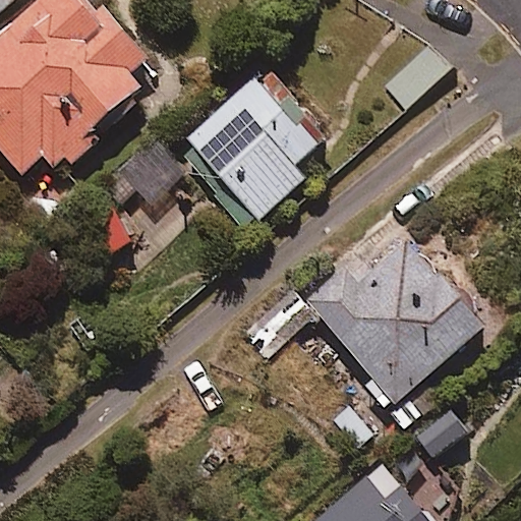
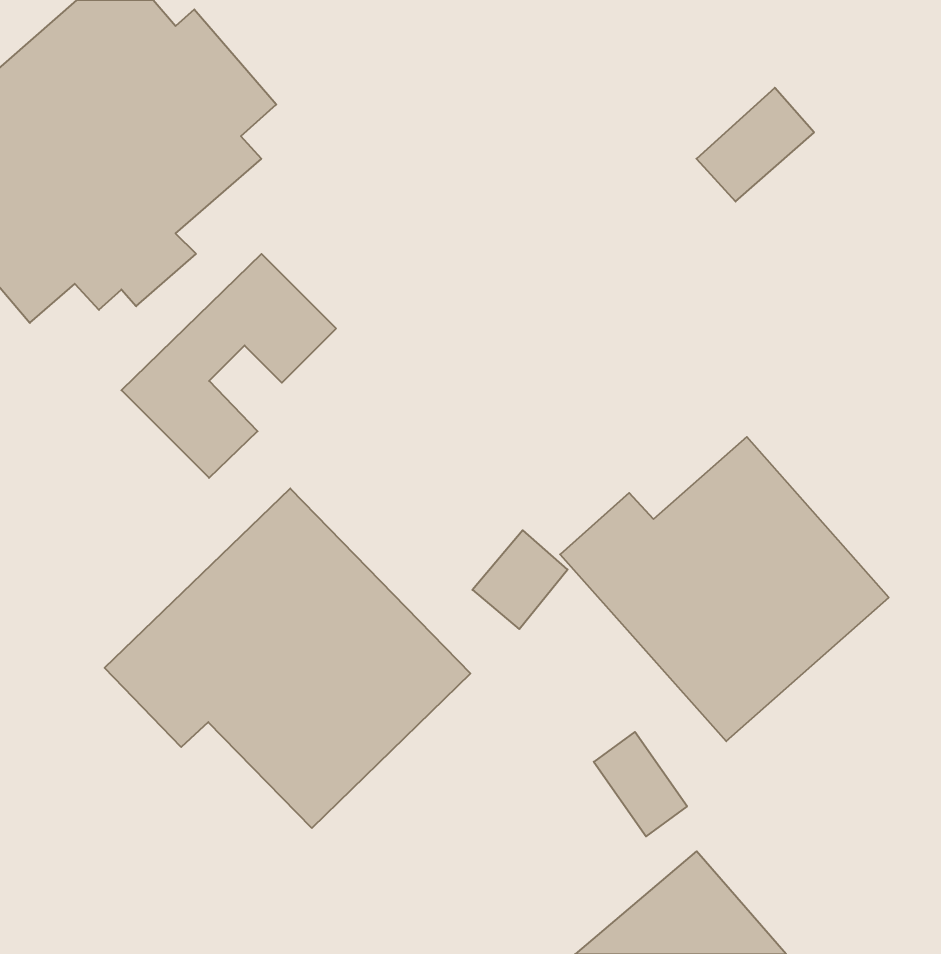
building: [177,73,328,234] -> none
building: none -> [105,488,470,828]

